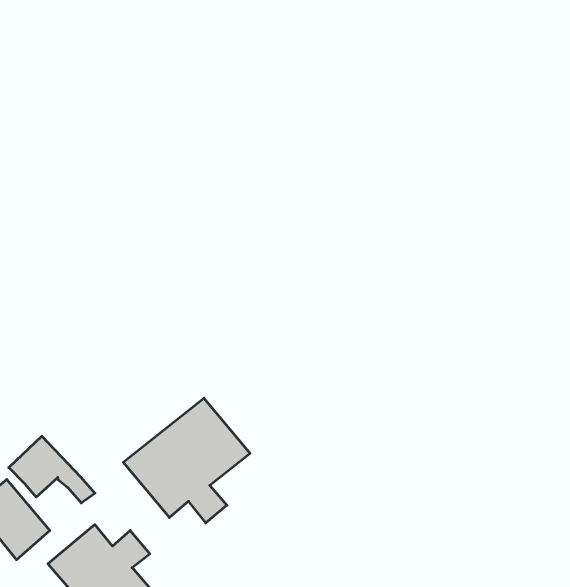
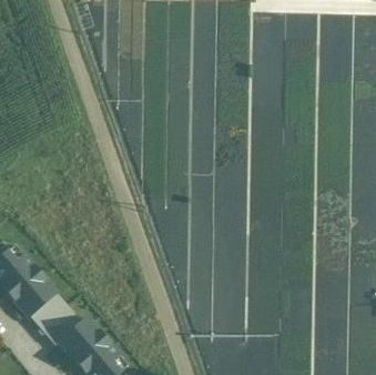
building: [123,398,250,523] -> none

